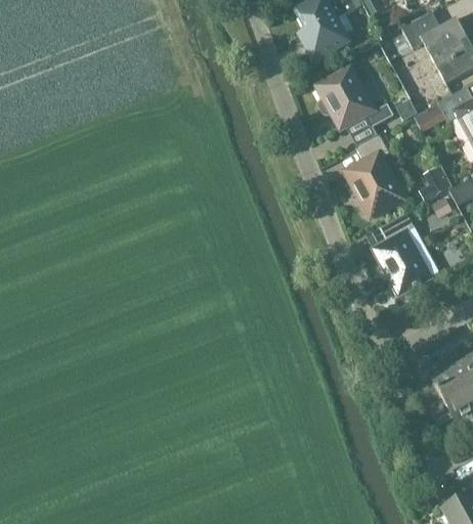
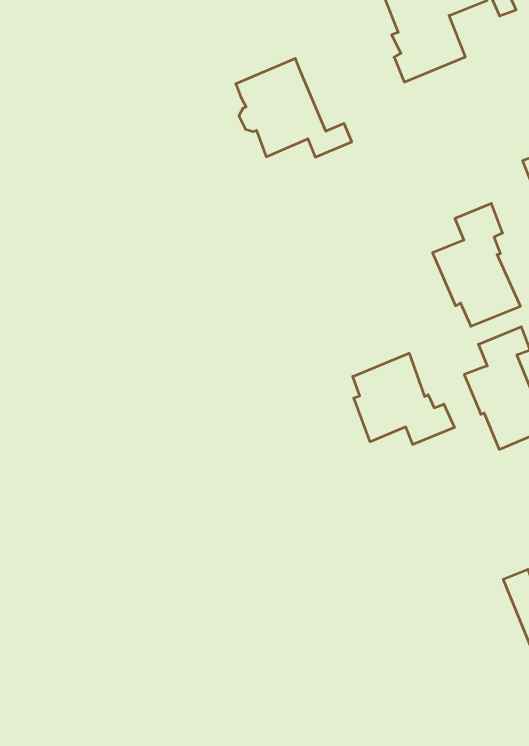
building: [313,64,392,130] -> [236,58,352,157]
building: none -> [353,353,454,444]

